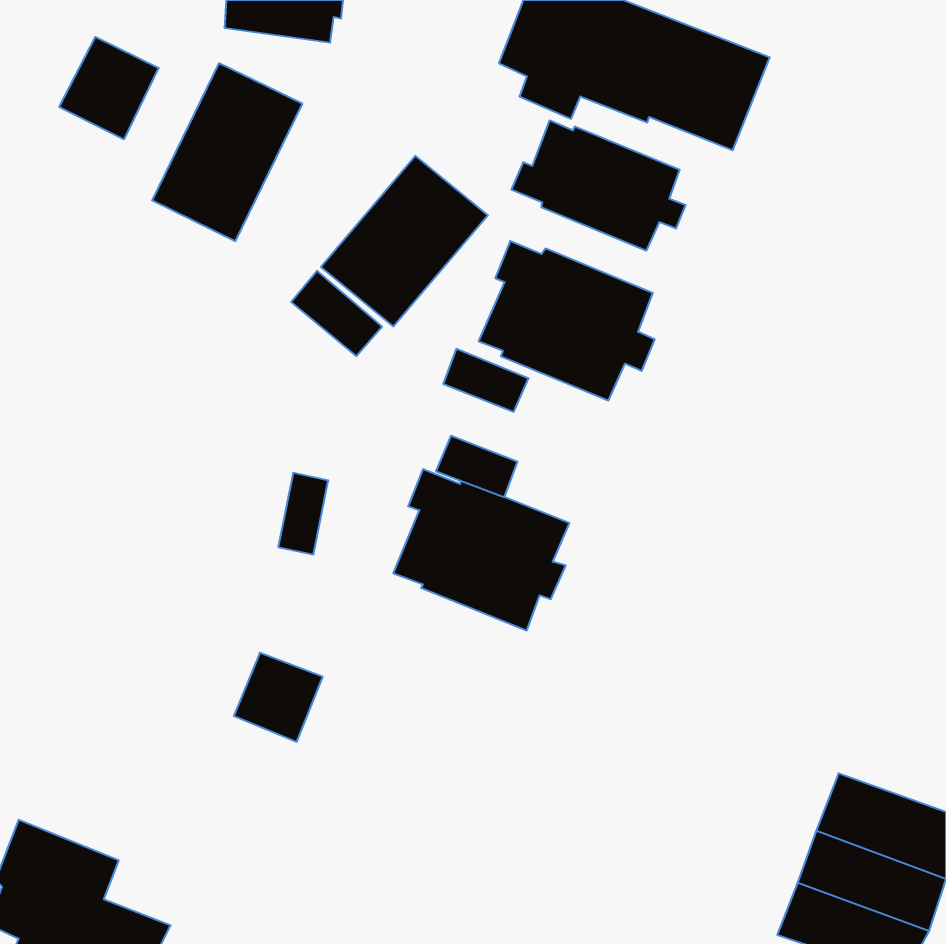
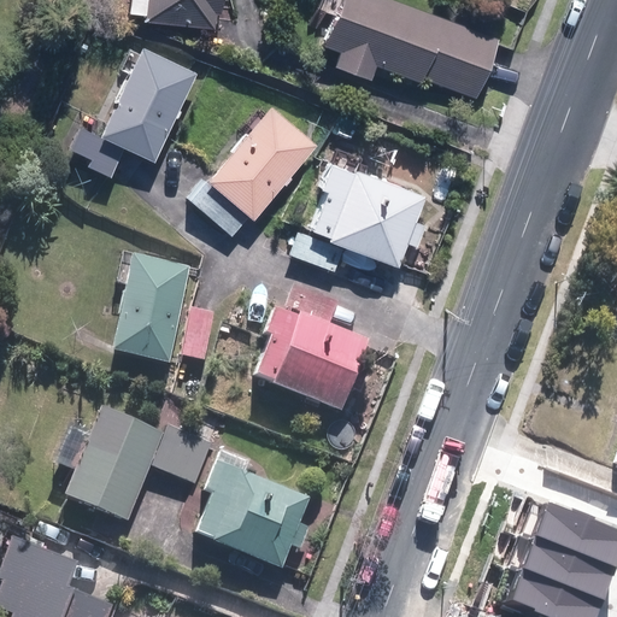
building: [59,37,159,139] -> none
building: [512,120,686,251] -> none
building: none -> [110,254,190,365]
building: none -> [64,406,164,521]
building: none -> [195,448,310,569]

